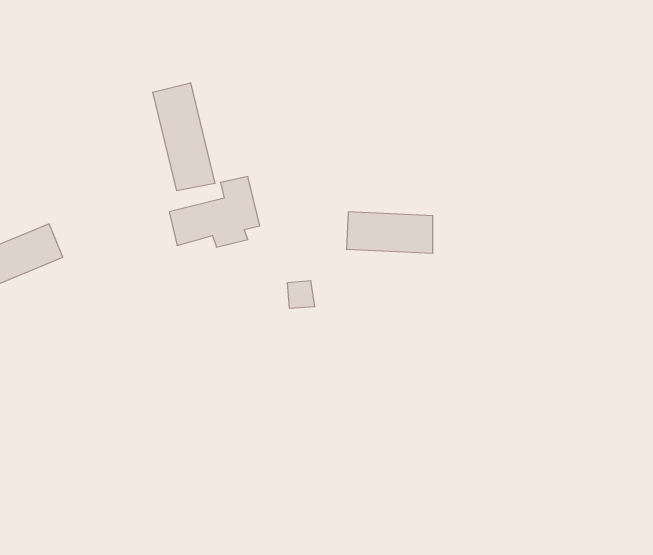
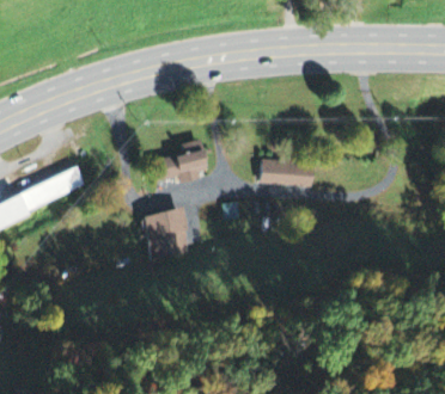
building: [153,83,215,191] -> none
building: none -> [141,208,190,261]

